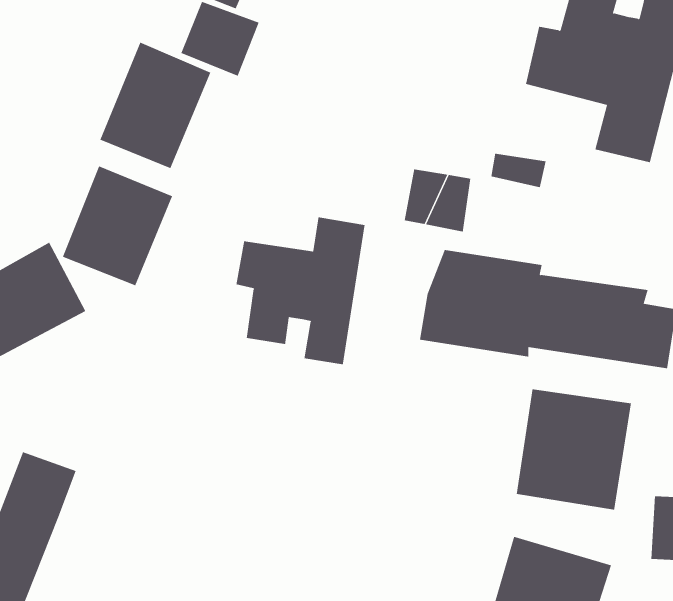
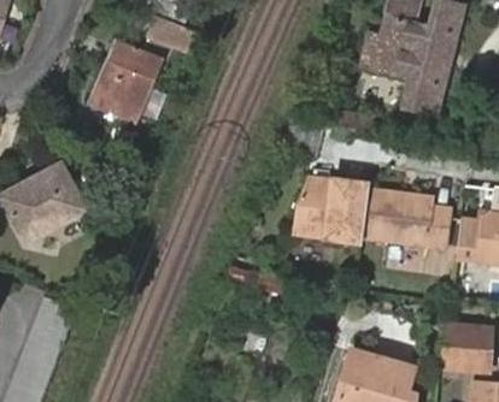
building: [62,165,173,286] -> none
building: [236,216,365,365] -> none
building: [516,388,631,511] -> none

